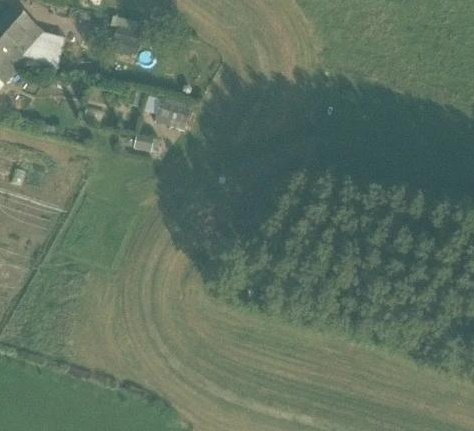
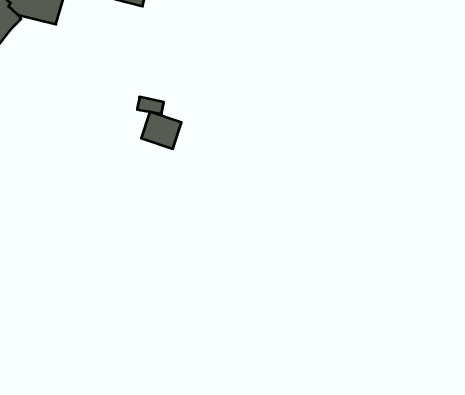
building: [153,94,191,129] -> [141,112,181,149]

